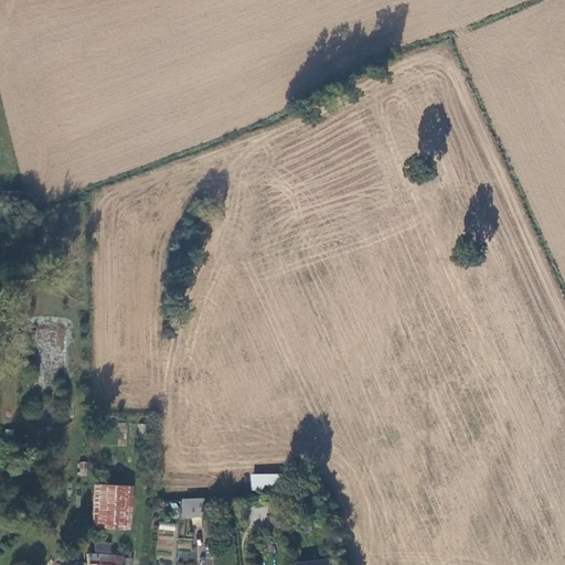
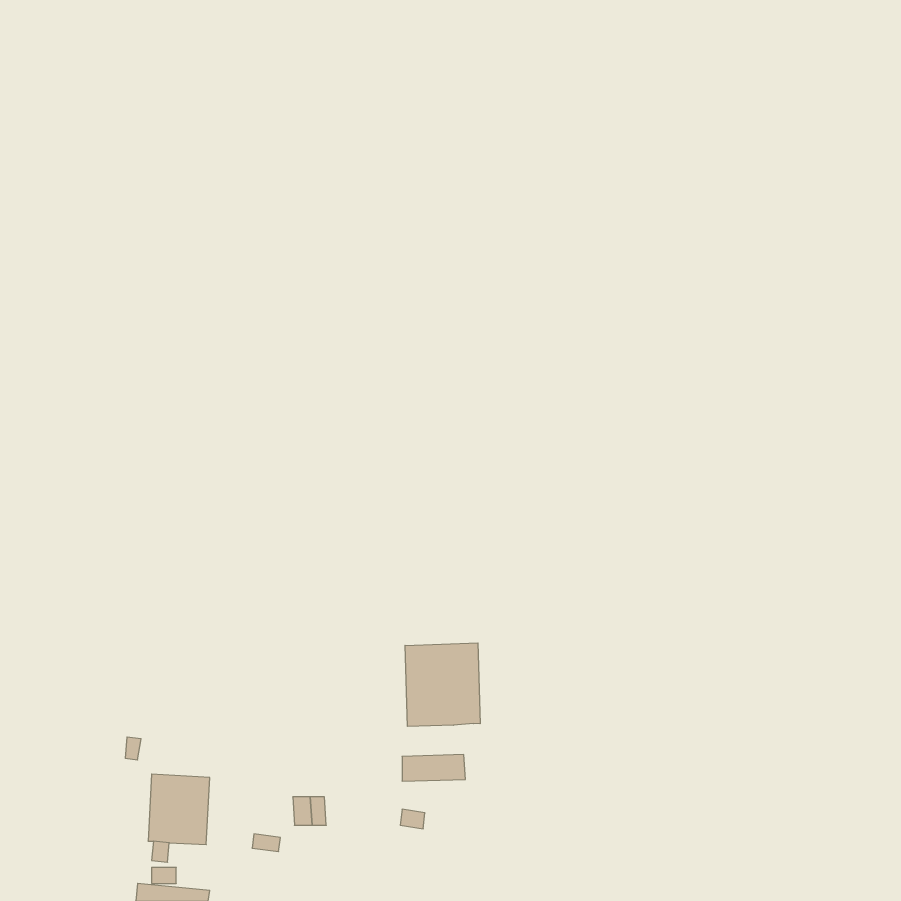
building: none -> [405,643,480,726]

